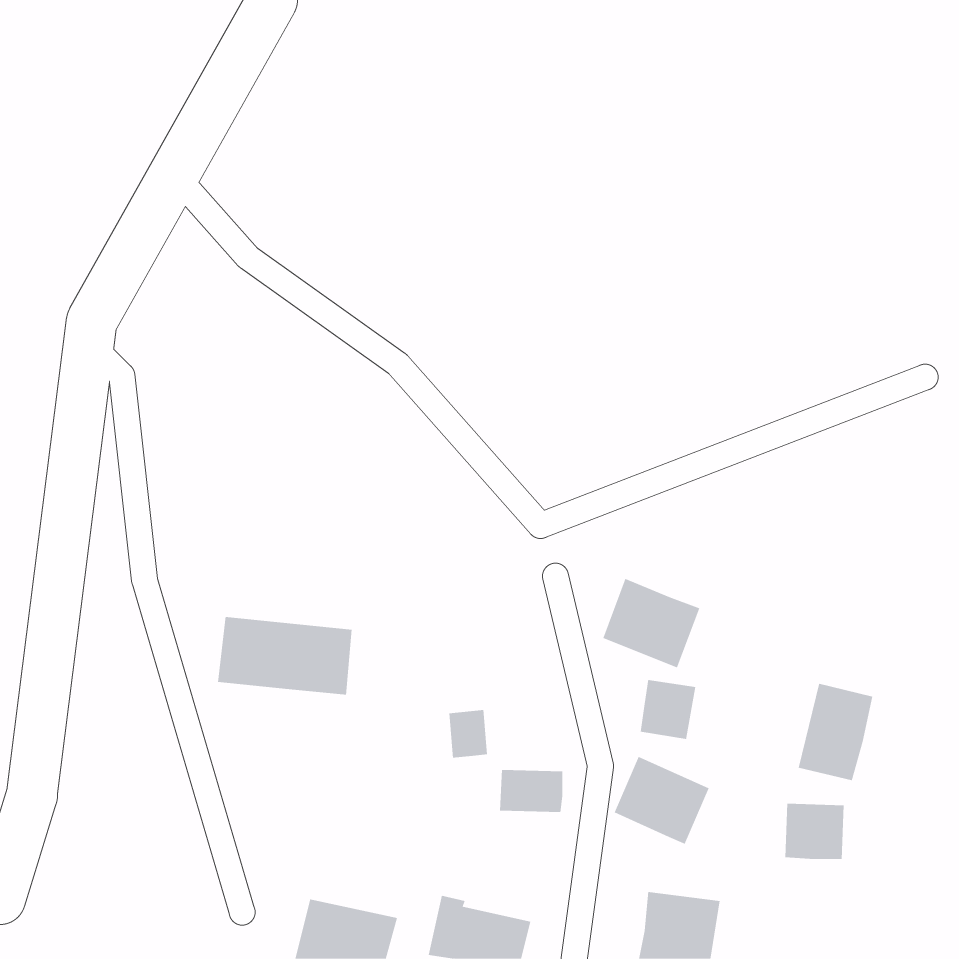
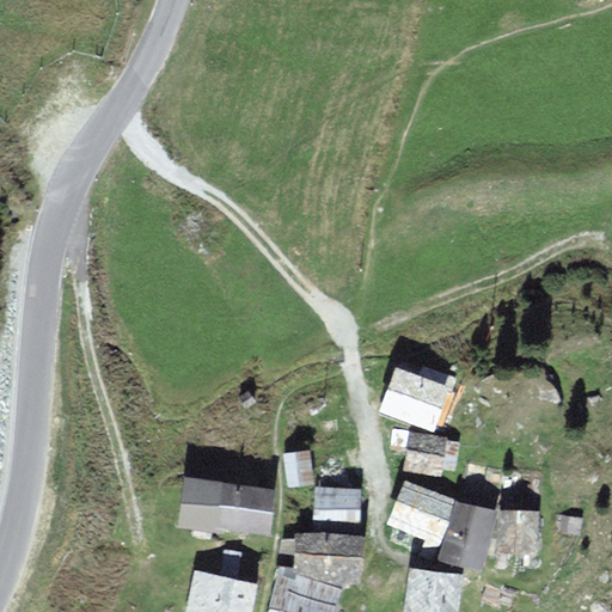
building: [217,616,352,695] -> [184,481,270,531]
building: [798,683,873,781] -> [445,502,492,564]
building: none -> [295,533,361,582]

